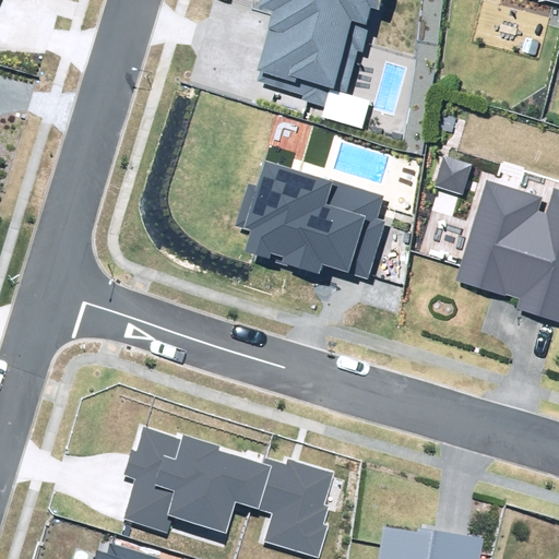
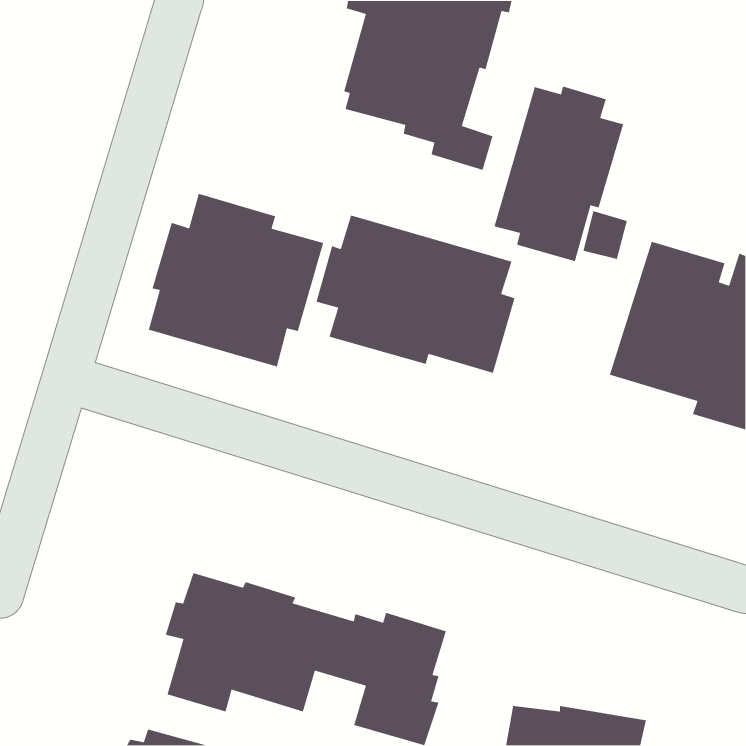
building: none -> [494,86,624,262]
building: none -> [148,193,324,368]

